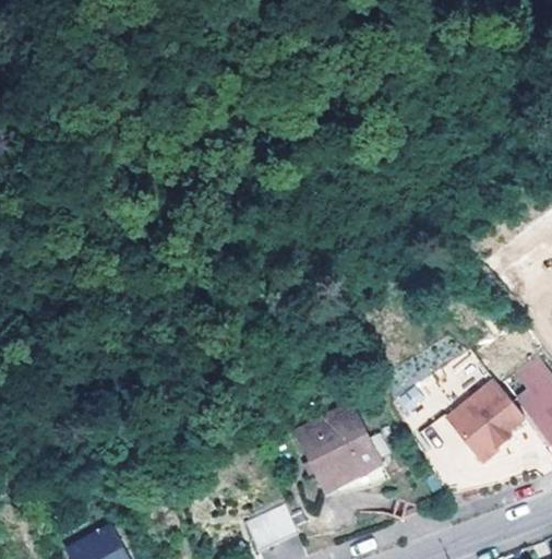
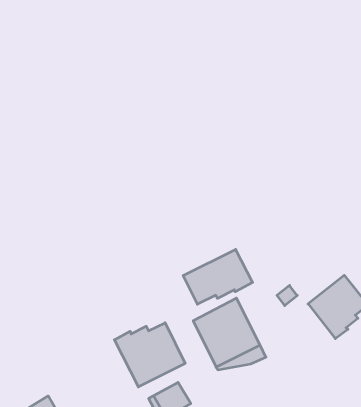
building: none -> [183,249,253,304]
building: none -> [114,323,185,387]

